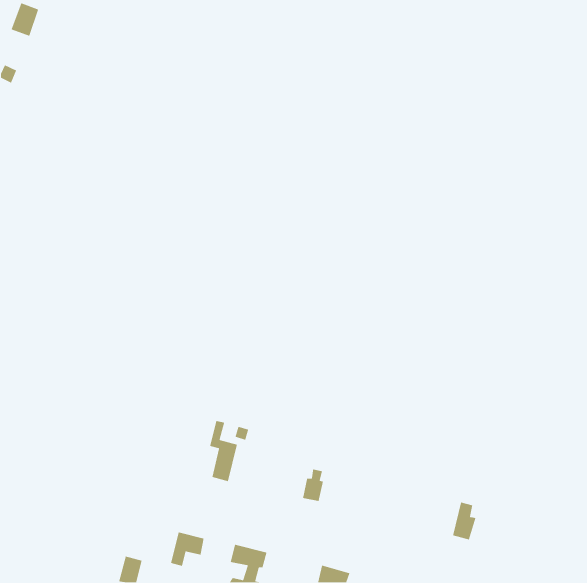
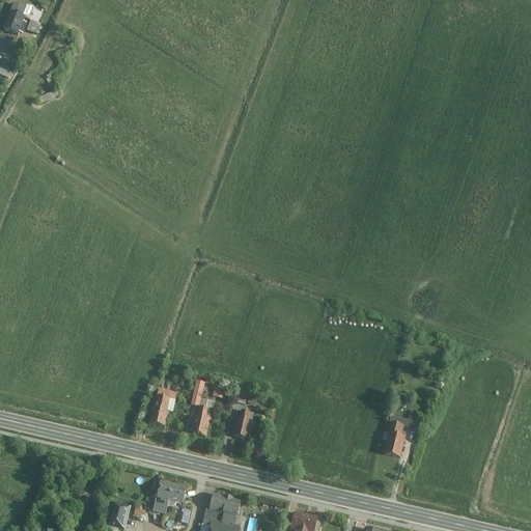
building: none -> [148,387,174,425]
building: [302,469,324,502] -> [231,409,251,439]
building: [452,502,476,541] -> [389,422,411,457]

